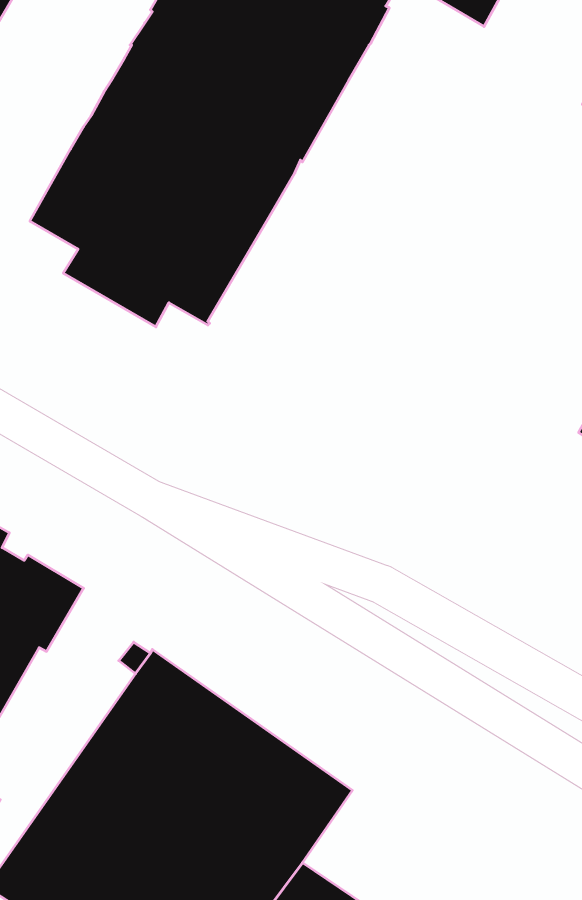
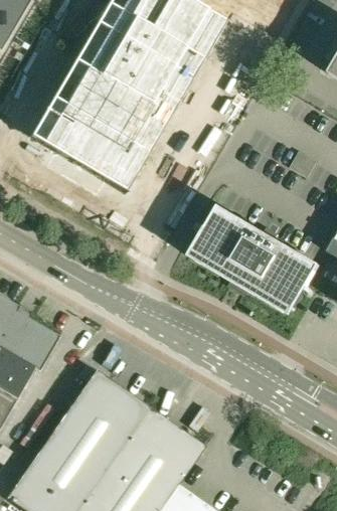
building: none -> [192,205,319,311]

